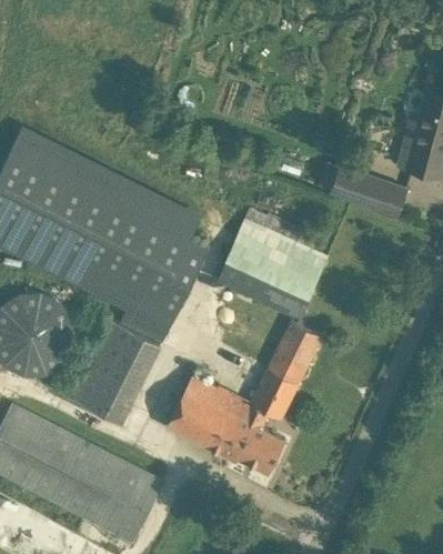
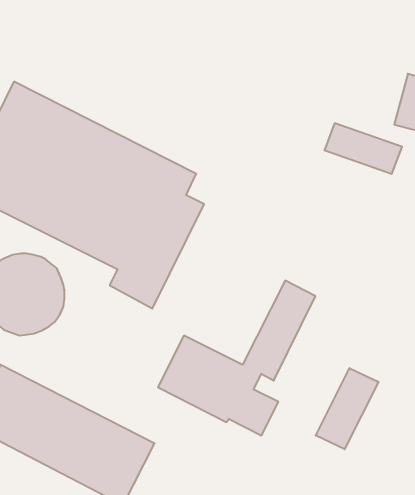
building: [215,212,331,324] -> none
building: [64,323,161,426] -> none
building: none -> [316,368,378,449]

